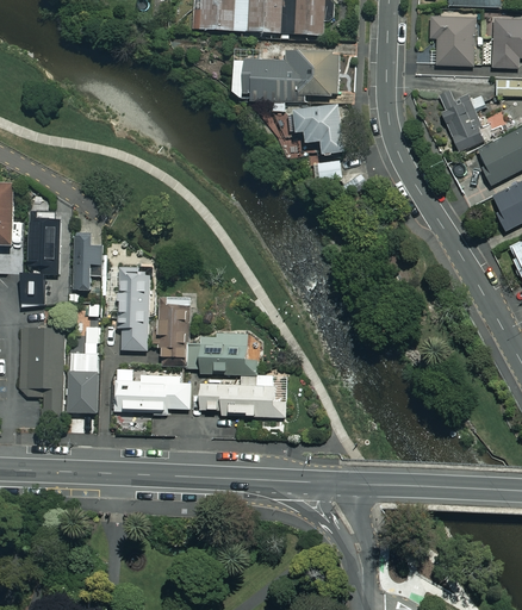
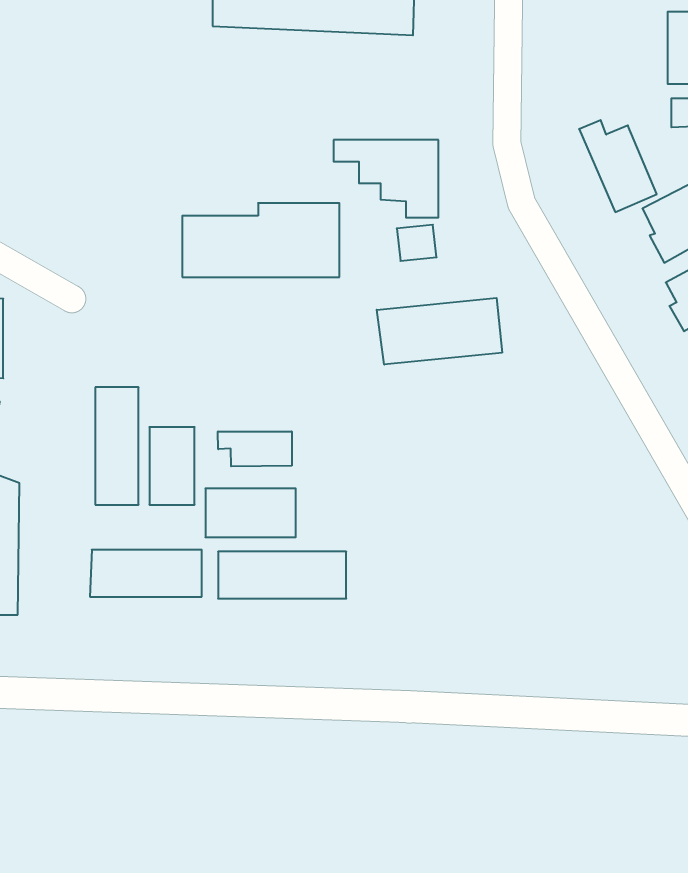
building: [430,18,473,66] -> none
building: [234,52,337,101] -> [182,203,339,277]
building: none -> [377,298,502,365]
building: [72,230,95,288] -> none
building: none -> [218,431,292,466]
building: [68,365,94,411] -> none

